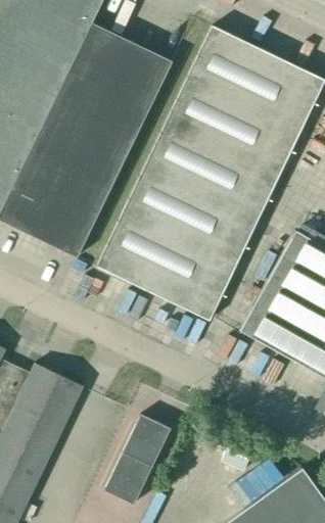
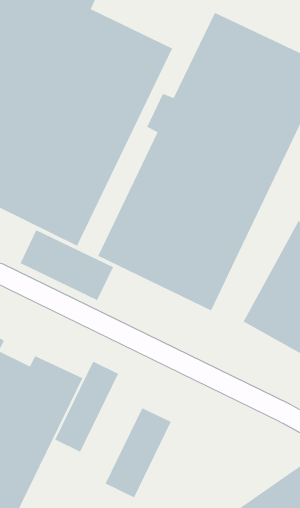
building: none -> [19,229,114,301]
building: none -> [54,360,119,453]

